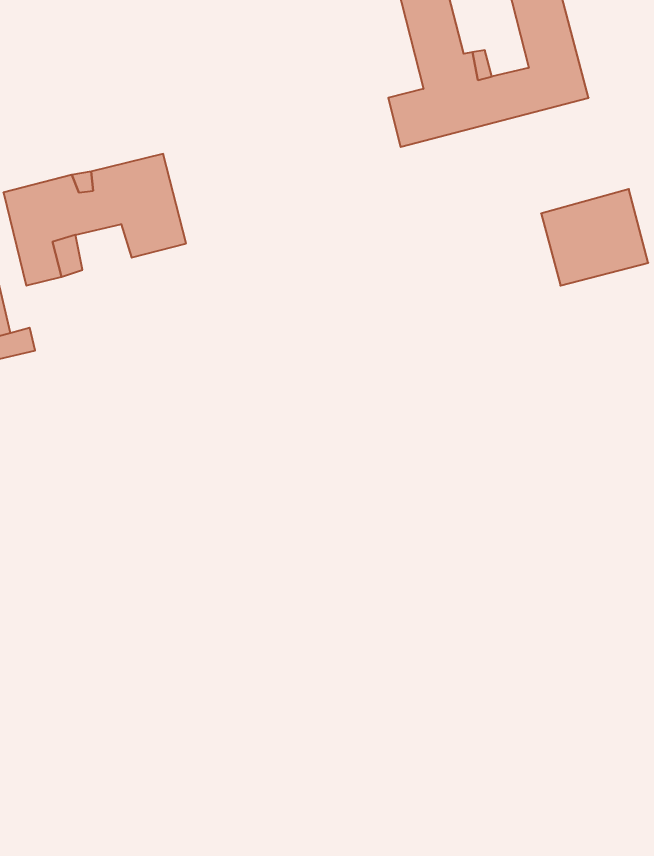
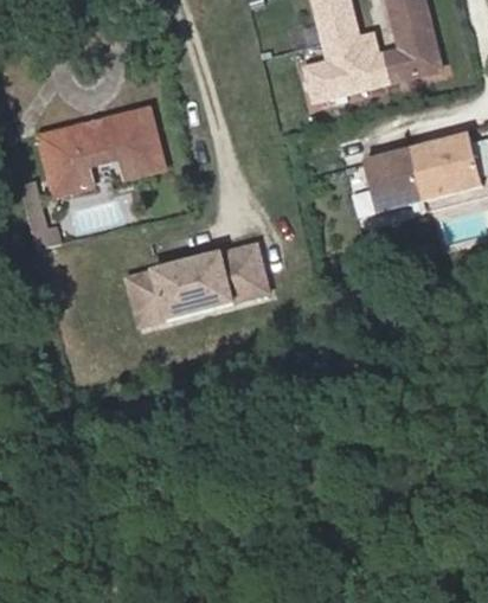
building: none -> [360,147,419,207]
building: none -> [121,242,270,332]

